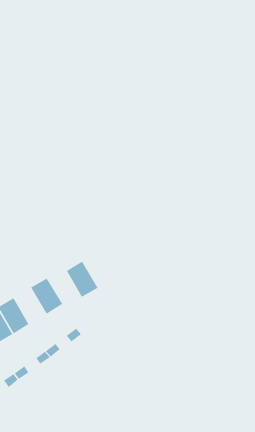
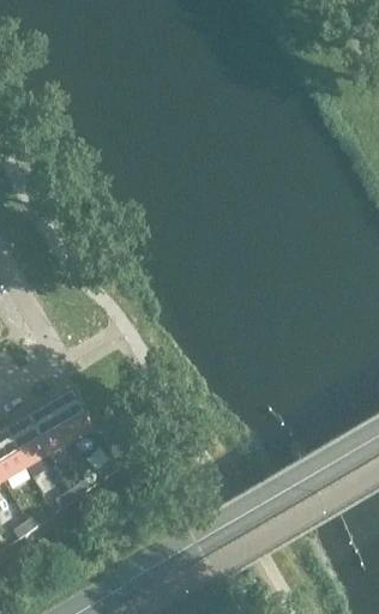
building: [66,261,98,298] -> [26,404,70,453]

